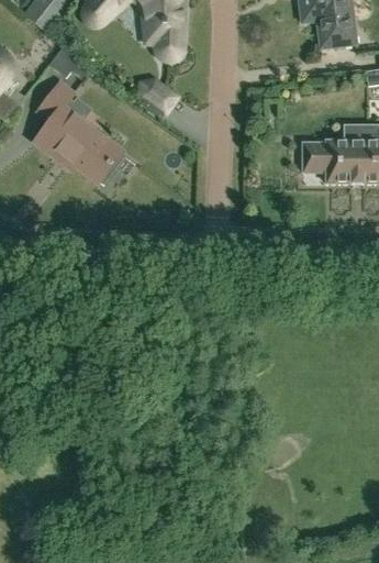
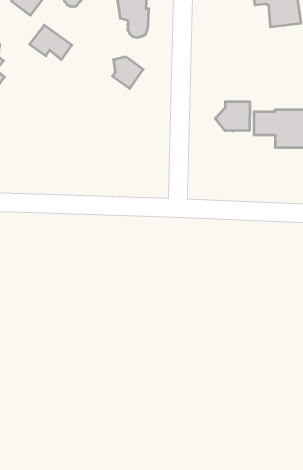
building: [34,82,121,180] -> none
building: none -> [215,102,250,131]

